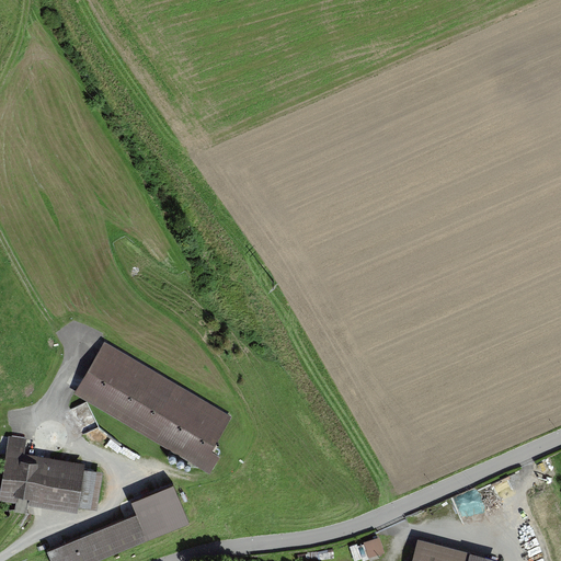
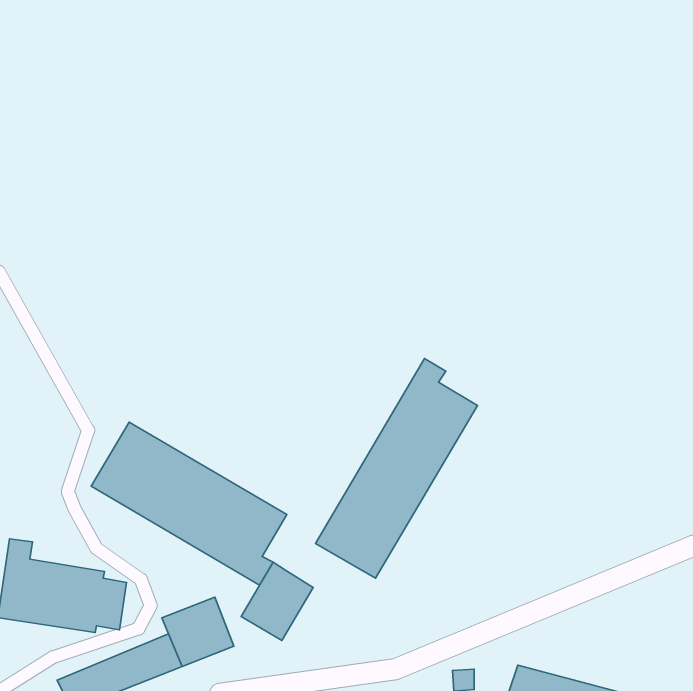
building: none -> [316,359,478,578]
building: none -> [241,562,313,640]

